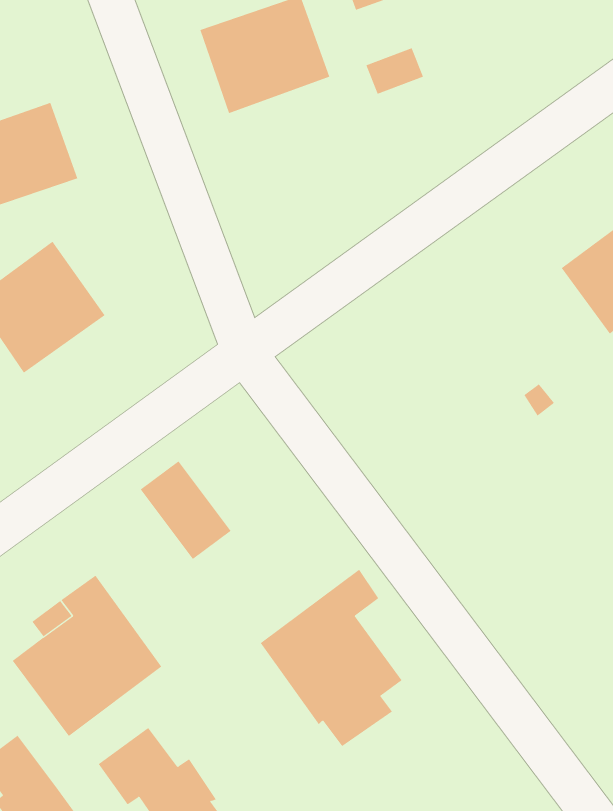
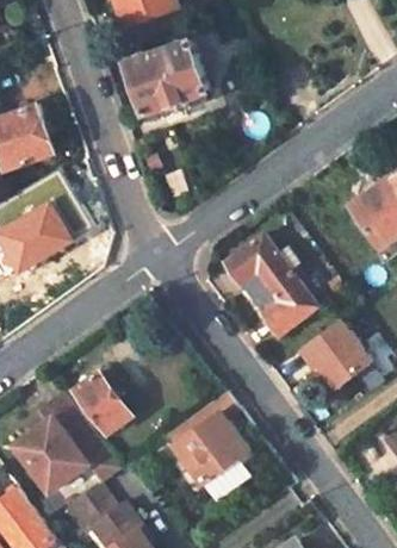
building: none -> [223,237,315,335]
building: none -> [303,316,374,385]
building: [140,460,232,560] -> [74,373,130,434]

